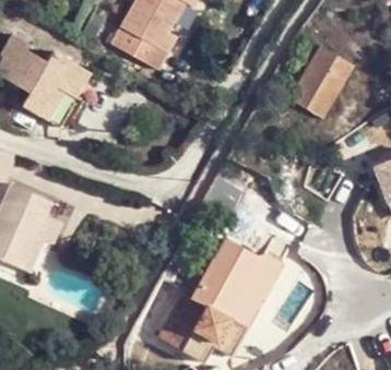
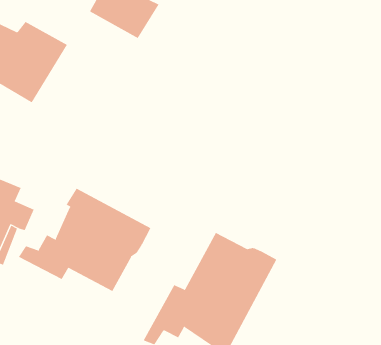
building: [294,48,358,121] -> none
building: none -> [18,188,151,292]

